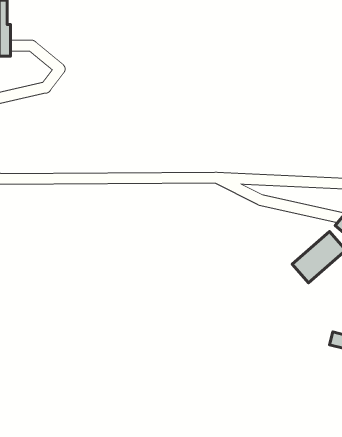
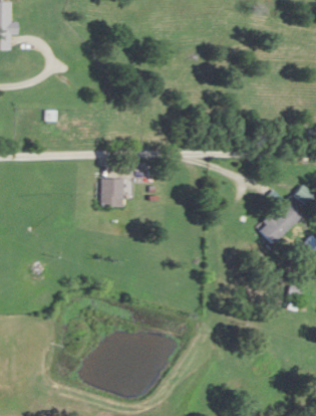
building: none -> [102,179,124,207]

